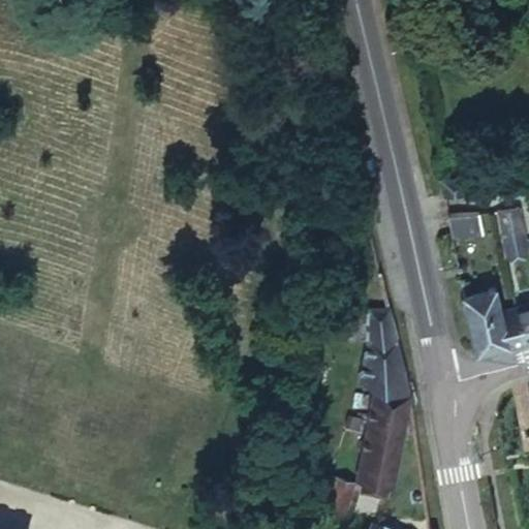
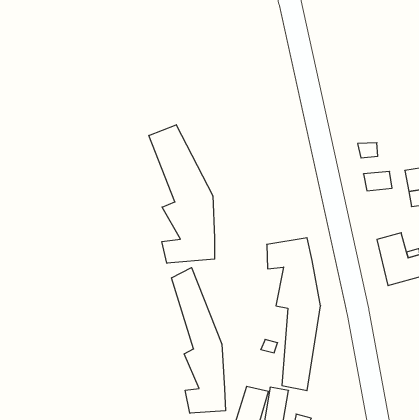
building: none -> [149,125,215,263]
building: none -> [172,268,225,413]

